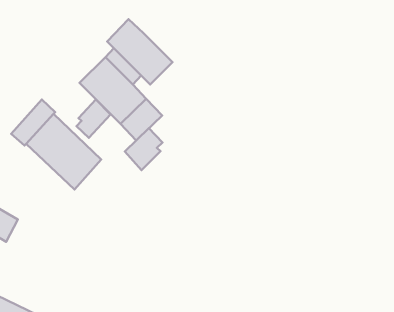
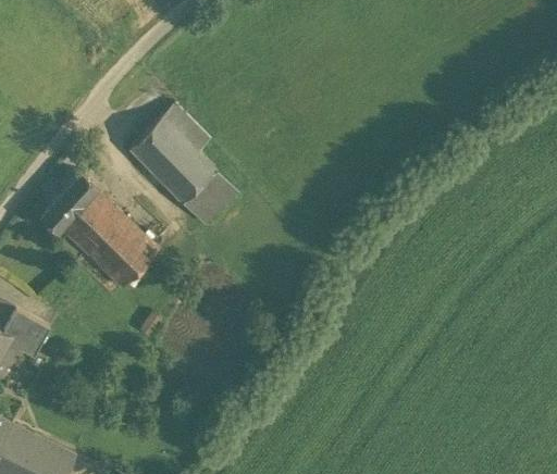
building: [107,19,172,84] -> none
building: [76,99,111,138] -> none
building: [125,128,163,170] -> none

